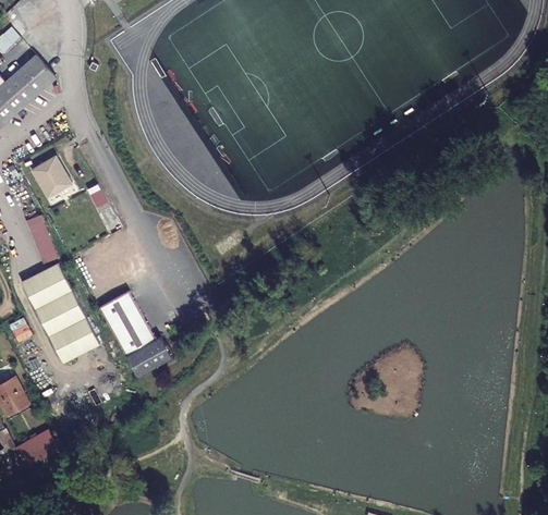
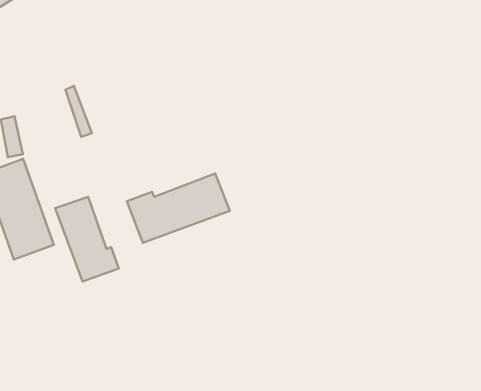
building: [31,156,71,197] -> none
building: none -> [127,173,230,243]

